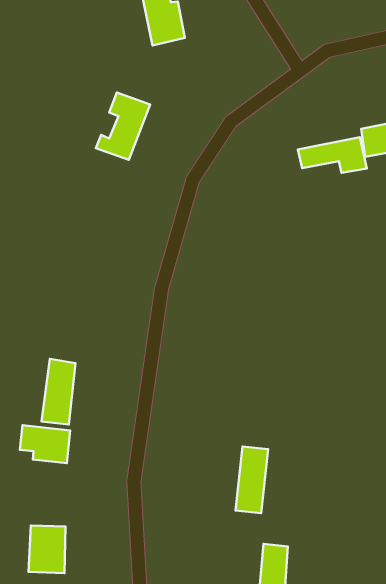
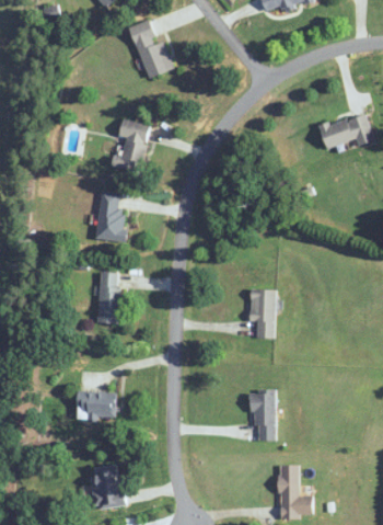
building: [298,137,367,173] -> none
building: none -> [97,192,126,241]
building: none -> [249,289,274,338]
building: [42,359,76,424] -> [98,272,120,322]

